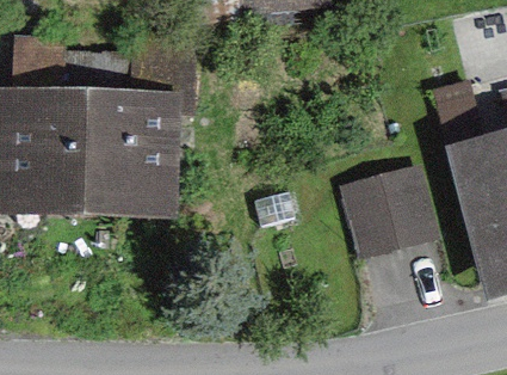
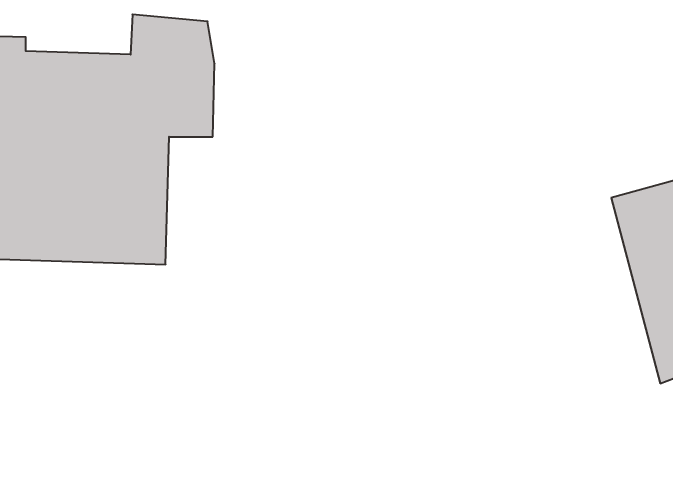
building: [341,171,432,259] -> none

